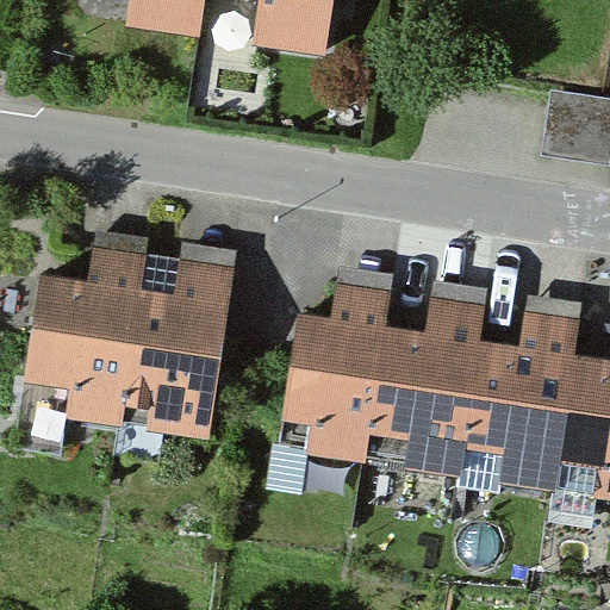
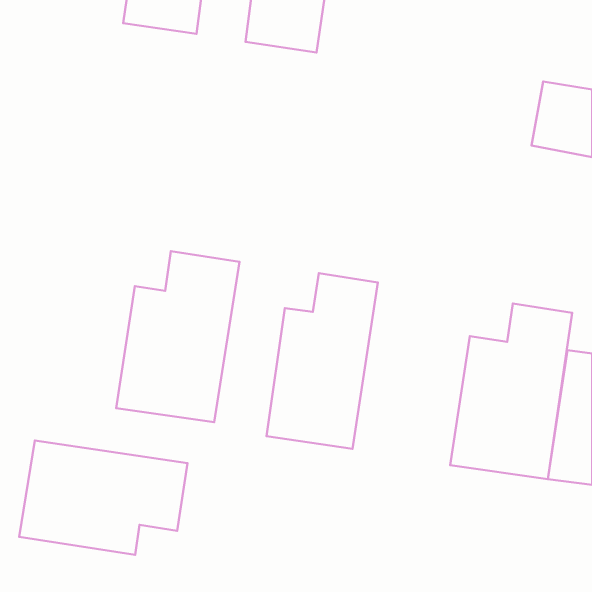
building: [21,248,144,418] -> none
building: [361,295,486,475] -> none
building: none -> [19,441,187,555]

